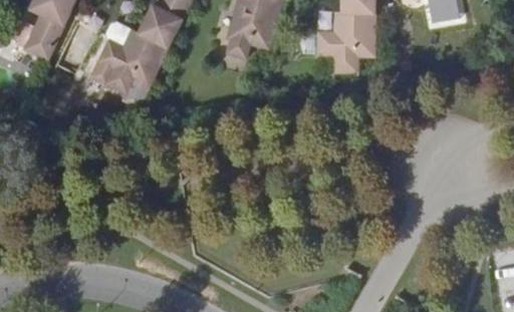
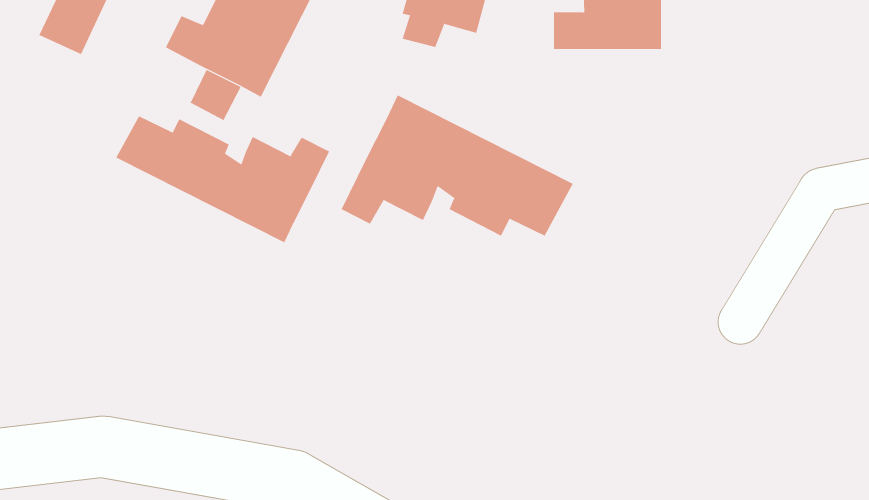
building: none -> [341,95,573,237]
building: none -> [116,115,330,243]

